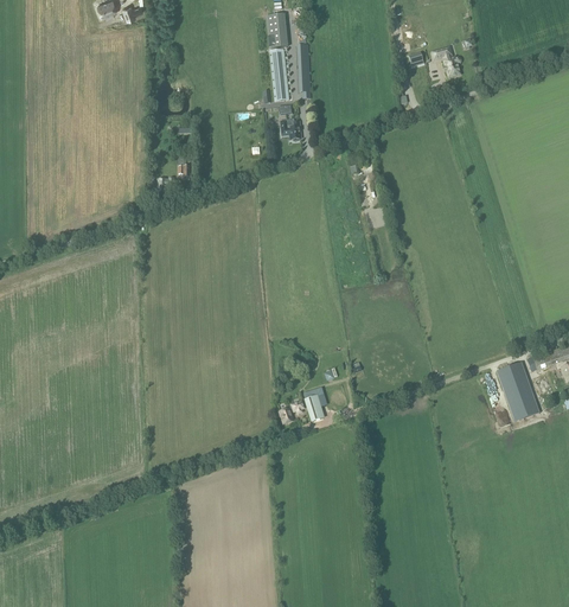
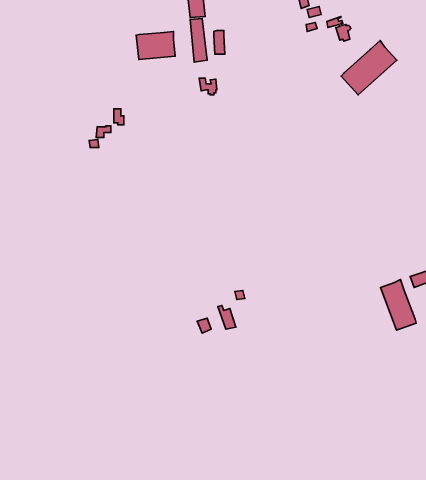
building: none -> [136,31,175,59]
building: none -> [341,41,397,95]

